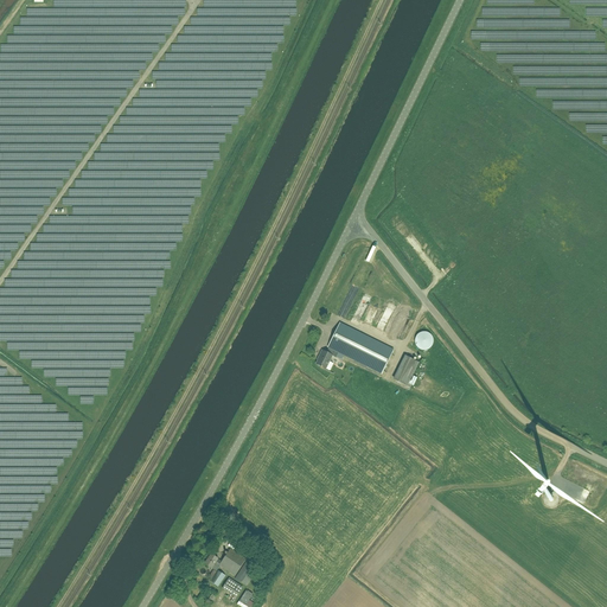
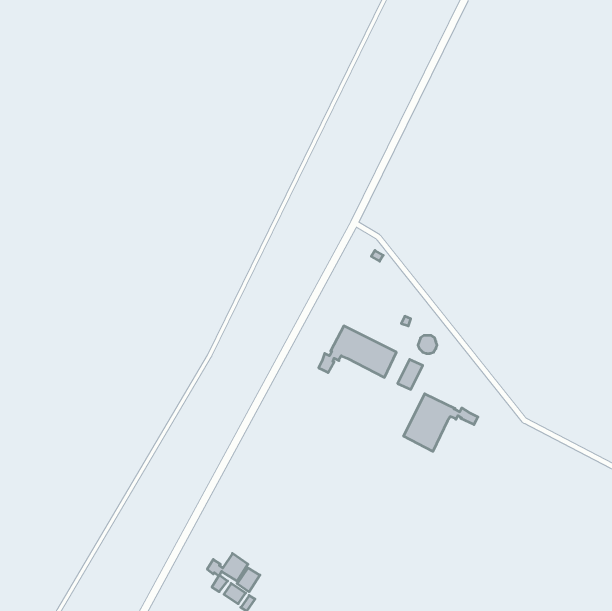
building: none -> [404,394,478,451]

